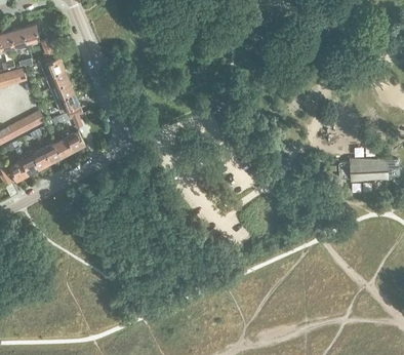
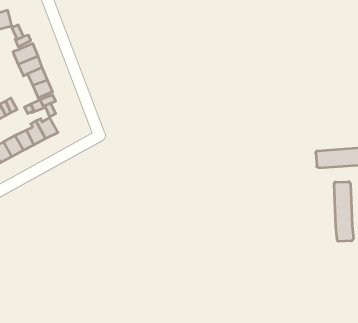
building: none -> [334,182,353,241]

